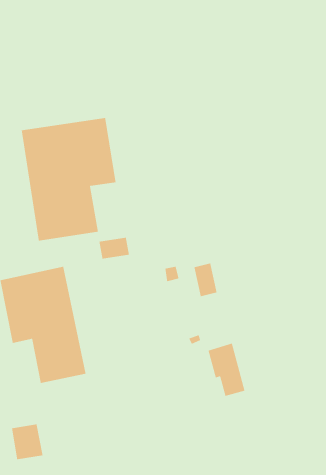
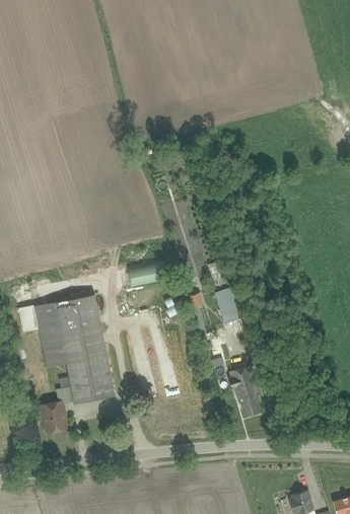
building: [21,117,116,242] -> none
building: [11,423,44,460] -> [38,399,68,434]

